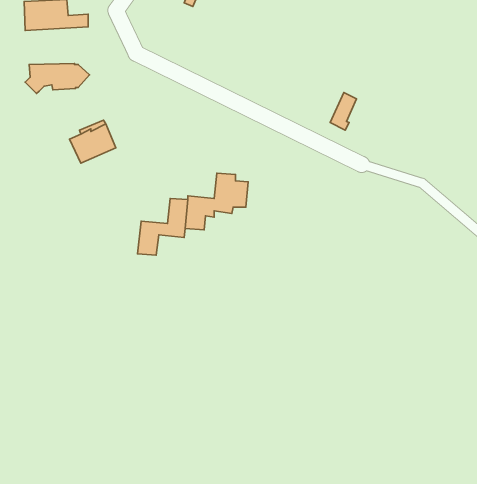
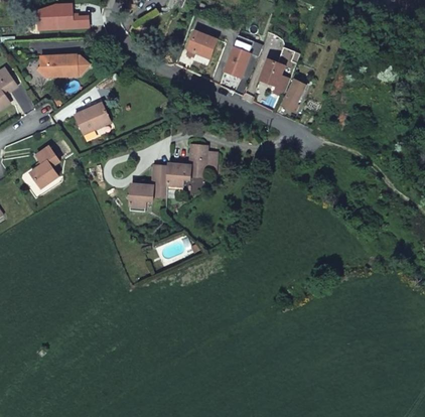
building: none -> [188,31,217,57]
building: none -> [261,45,301,95]
building: none -> [224,47,250,77]
building: none -> [30,147,59,188]

